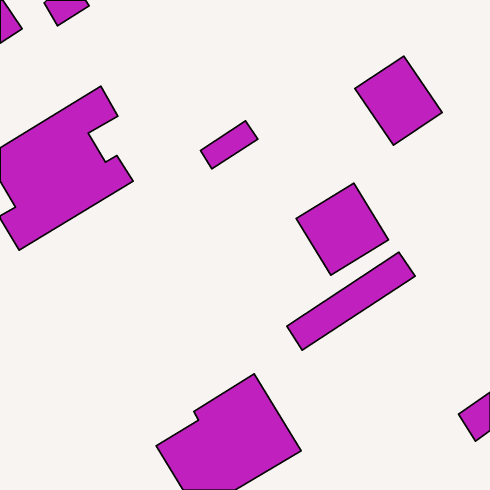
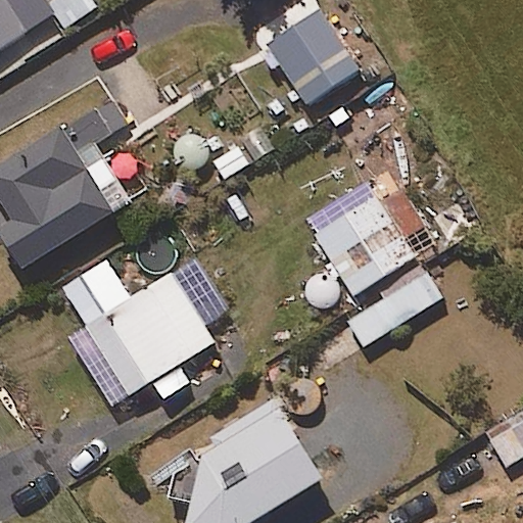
building: [355,56,442,145] -> [268,9,361,104]
building: none -> [87,273,215,396]

